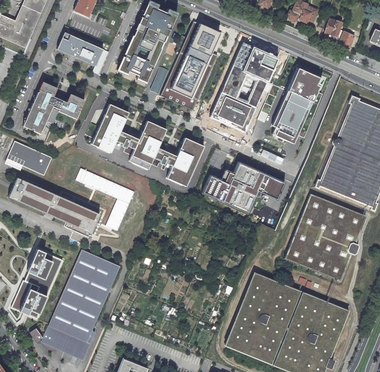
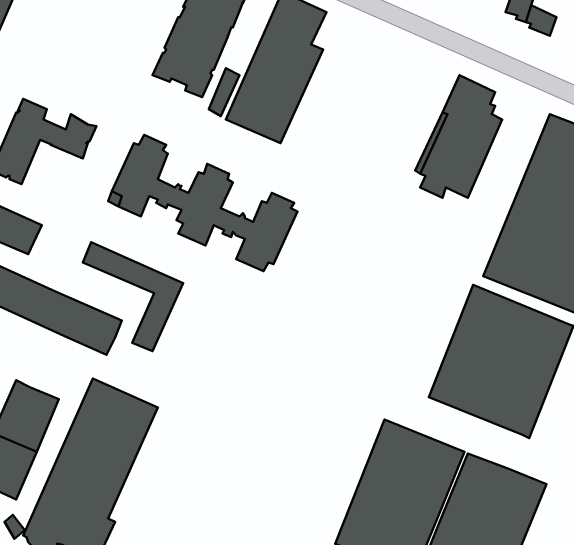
building: [58,32,103,66] -> none
building: [209,42,279,134] -> none
building: [204,162,284,212] -> none

